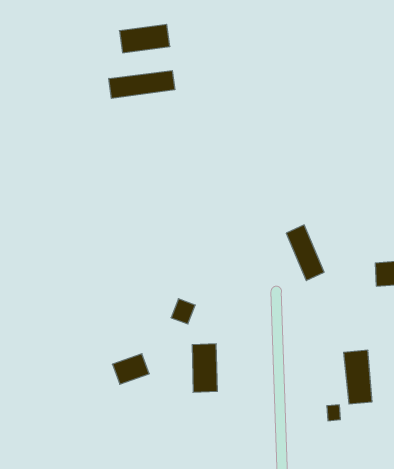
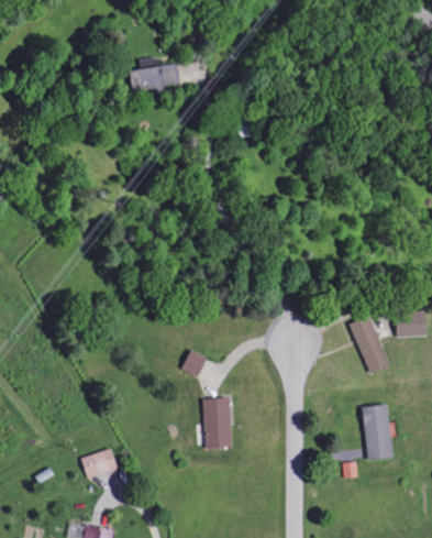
building: [109,71,175,98] -> none
building: [286,225,324,281] -> [350,315,389,373]
building: [112,354,149,384] -> [80,447,119,479]

